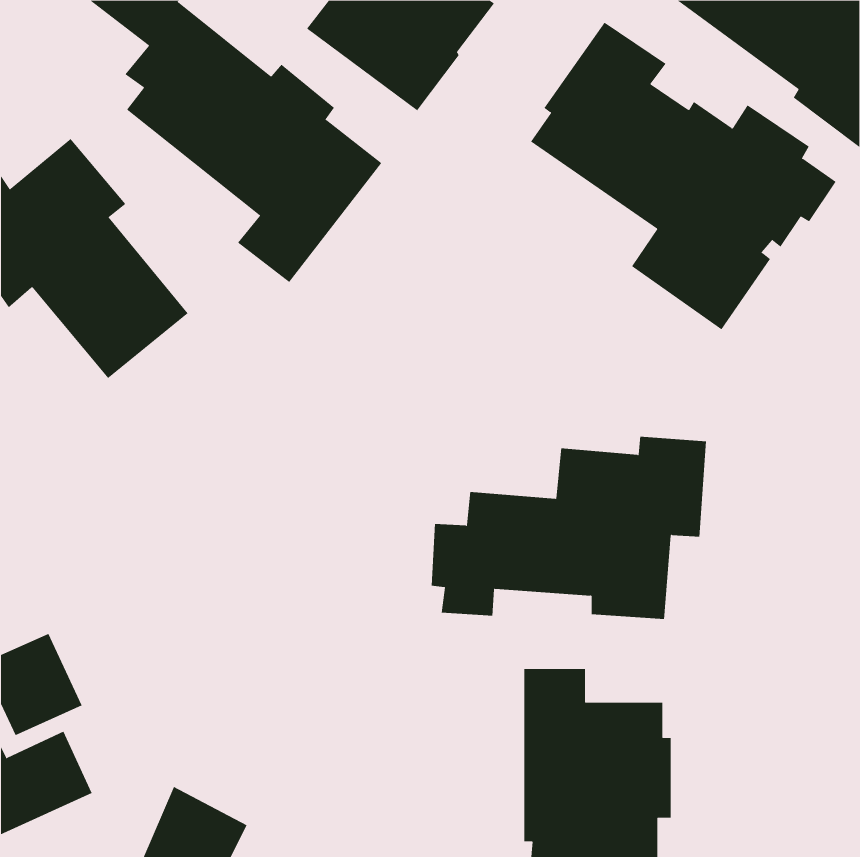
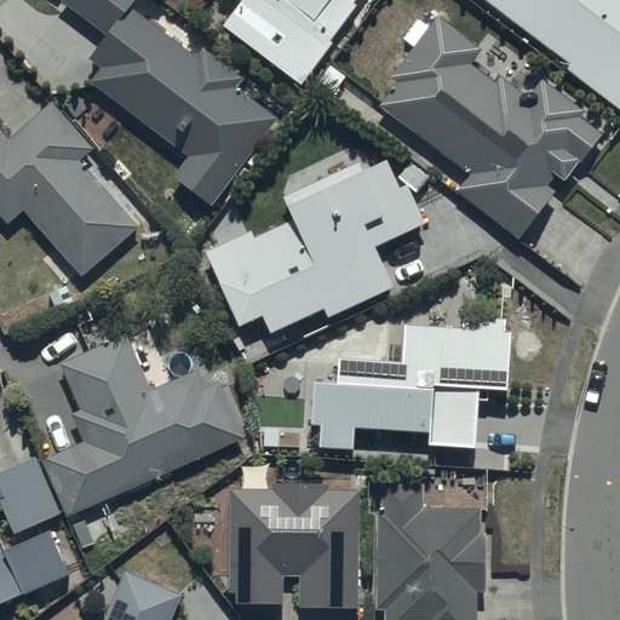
building: none -> [203,157,424,333]
building: none -> [42,328,245,515]
building: none -> [228,482,358,608]

